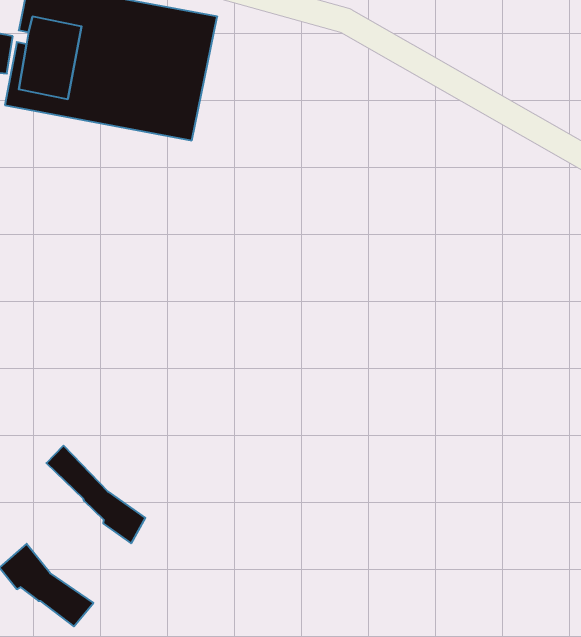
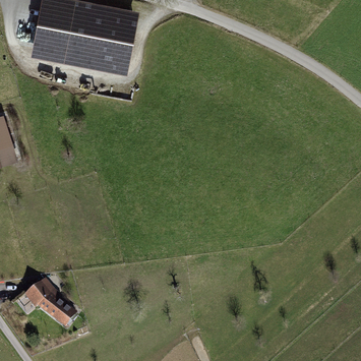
building: [46,446,145,543] -> none

